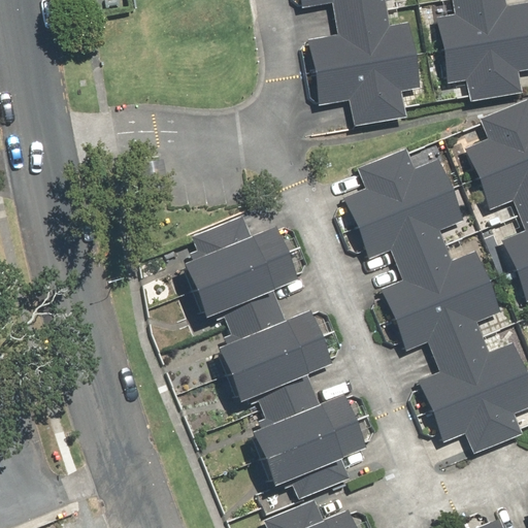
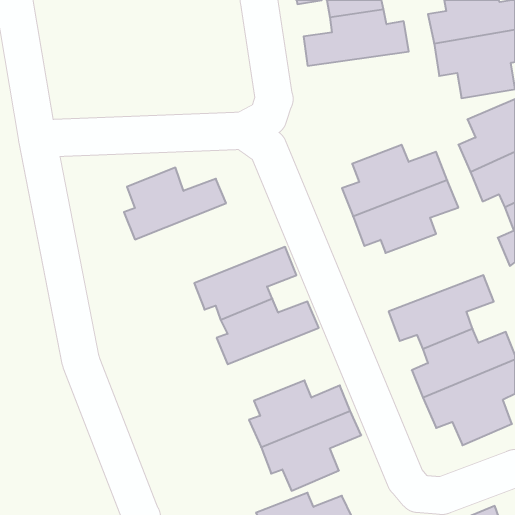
building: [314,55,421,124] -> none
building: [187,218,291,291] -> [124,168,226,239]
building: [386,240,493,320] -> none
building: [232,336,336,410] -> none

